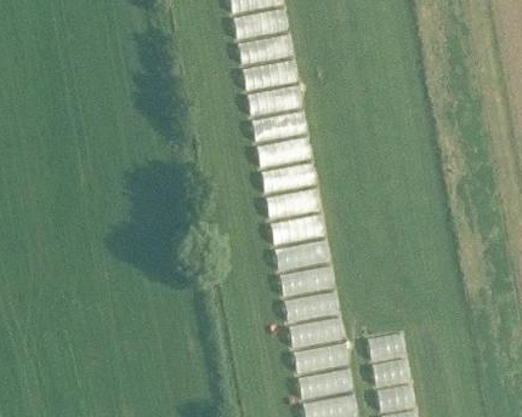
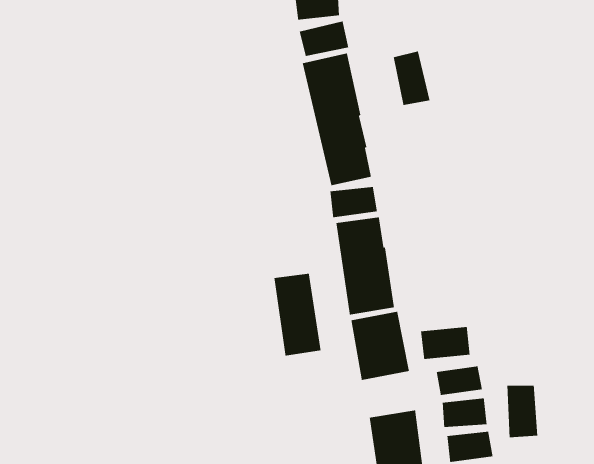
building: none -> [393,50,430,106]
building: none -> [274,273,322,356]
building: [305,344,345,371] -> [420,326,470,360]
building: none -> [506,385,538,438]

